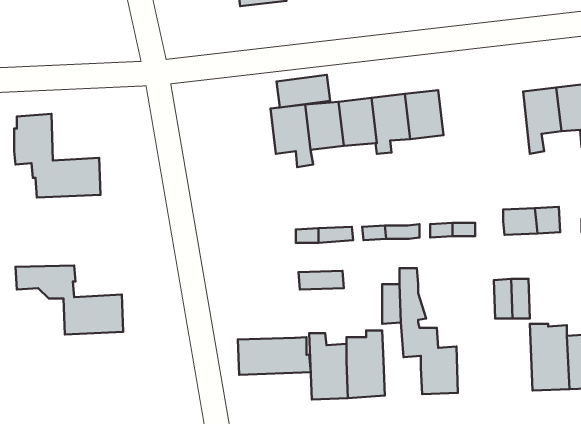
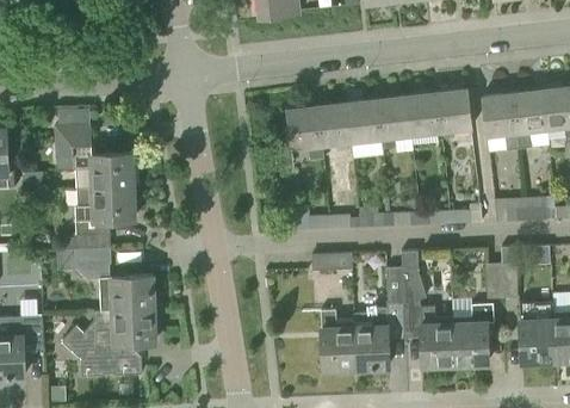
building: [276,75,330,108] -> none
building: none -> [436,88,471,140]
building: none -> [482,93,519,150]
building: none -> [57,186,135,251]
building: none -> [453,303,495,364]
building: none -> [61,309,155,377]
building: [238,337,311,375] -> none

